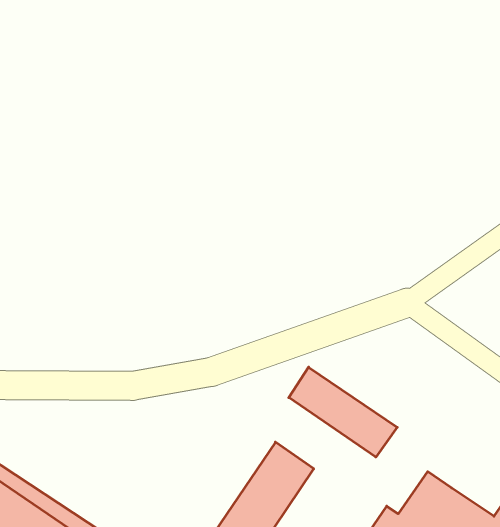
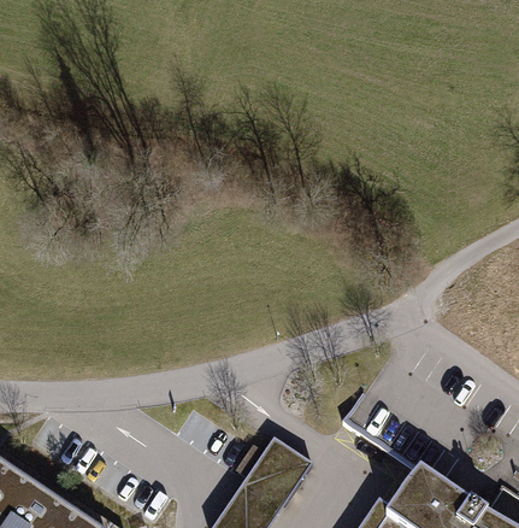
building: [289,367,397,457] -> none

